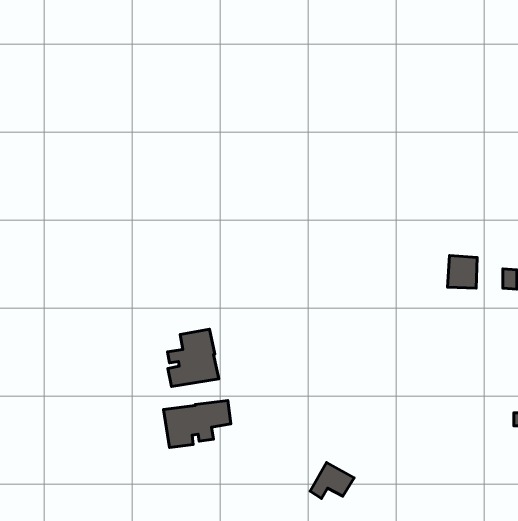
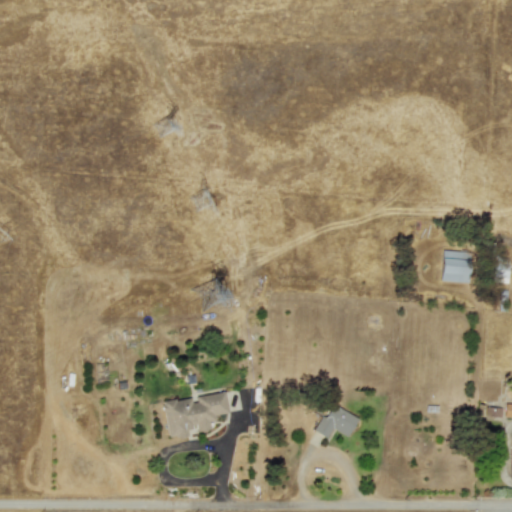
building: [167,329,219,386] -> none
building: [310,463,354,498] -> [317,404,360,439]

